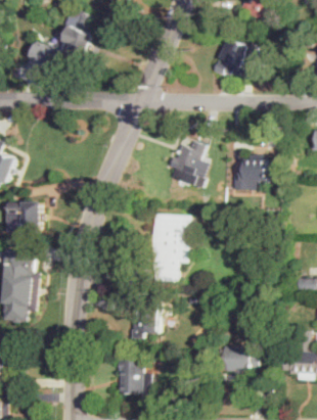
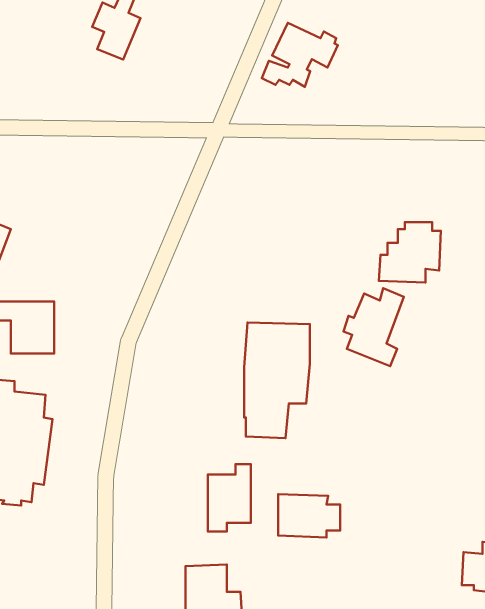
building: [212,38,257,76] -> [262,23,338,87]
building: [28,39,63,67] -> none
building: [169,140,205,186] -> [343,288,404,366]
building: [221,345,258,371] -> [278,494,340,537]

